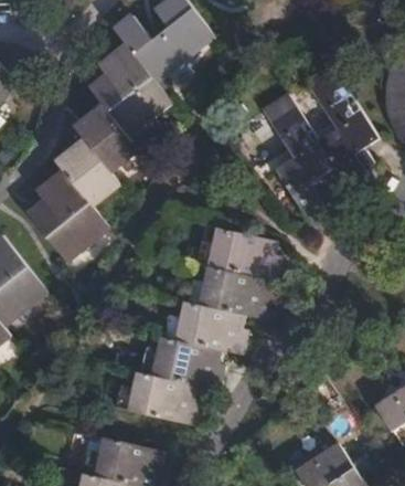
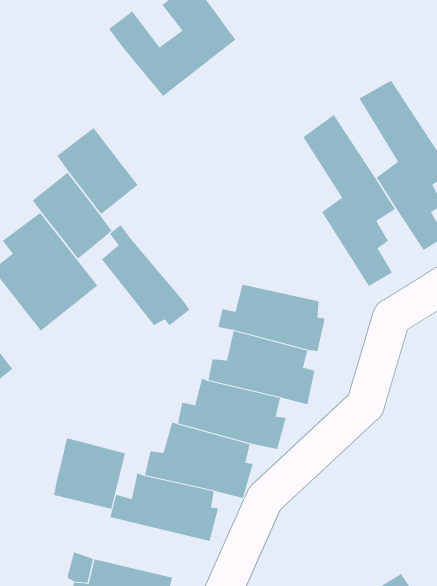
building: [89,43,170,134] -> none
building: none -> [101,224,190,326]
building: none -> [53,438,126,510]

